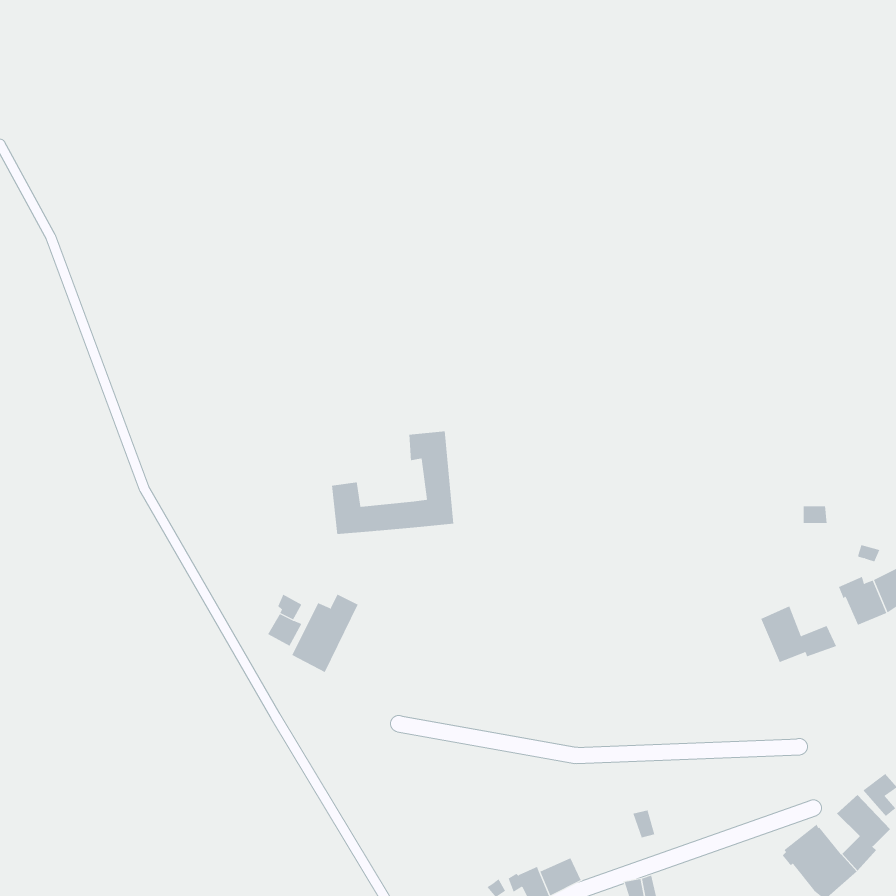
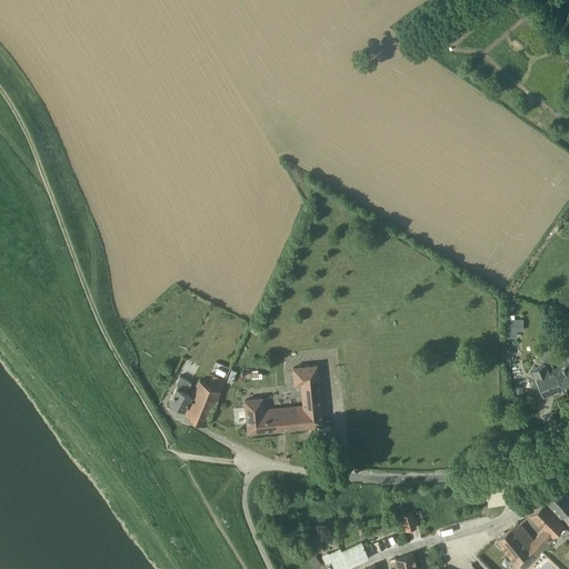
building: [331,431,454,535] -> [246,367,323,432]
building: [760,606,837,663] -> none

